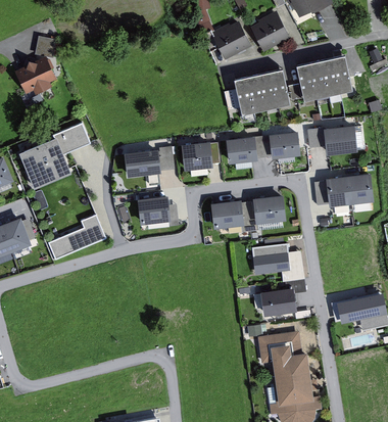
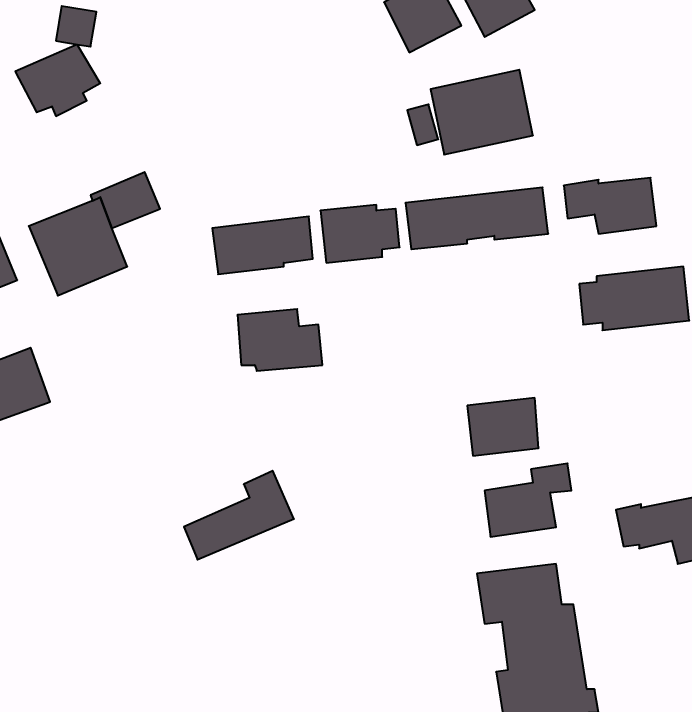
building: [295,56,351,103] -> none
building: [207,196,283,233] -> none
building: [49,214,107,261] -> [184,471,294,560]

